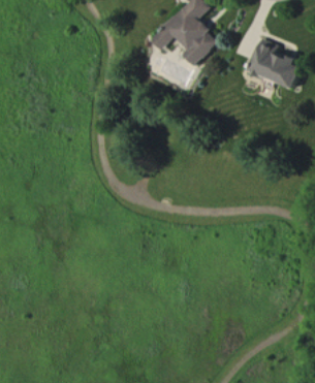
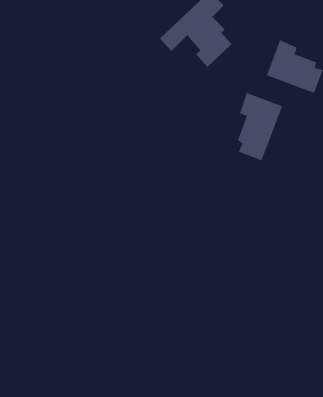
building: none -> [237,92,283,161]

